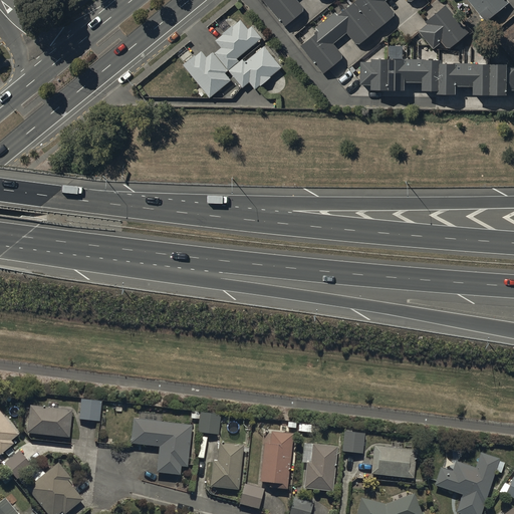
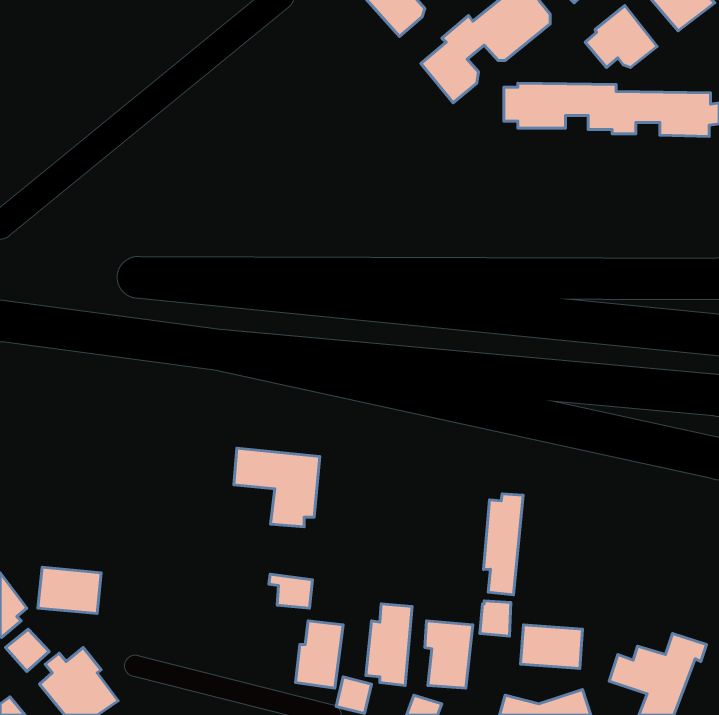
building: [184,19,281,97] -> none
building: none -> [483,494,523,595]
building: [79,397,103,421] -> none
building: [131,418,192,474] -> [234,448,320,527]

